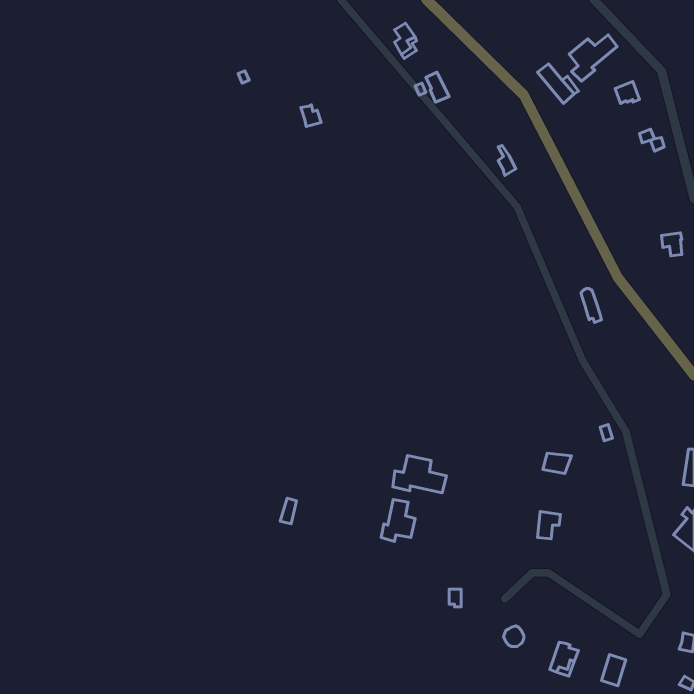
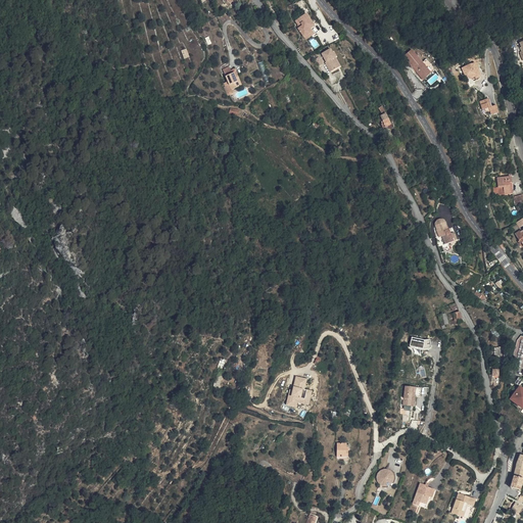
building: [569,35,617,81] -> none
building: [393,456,446,493] -> none

